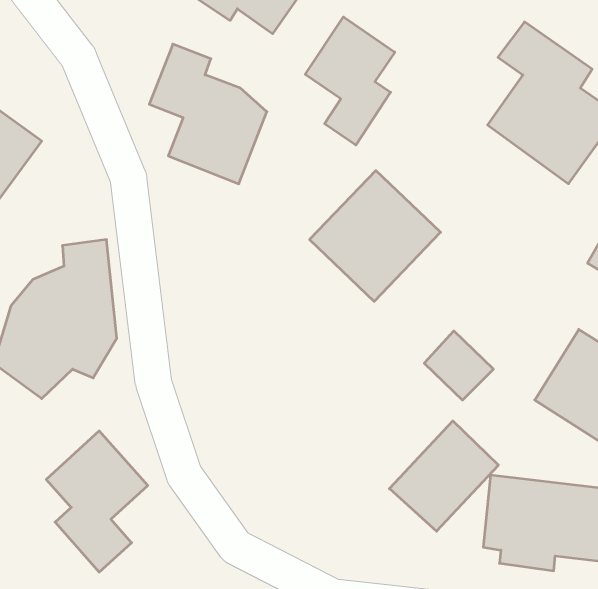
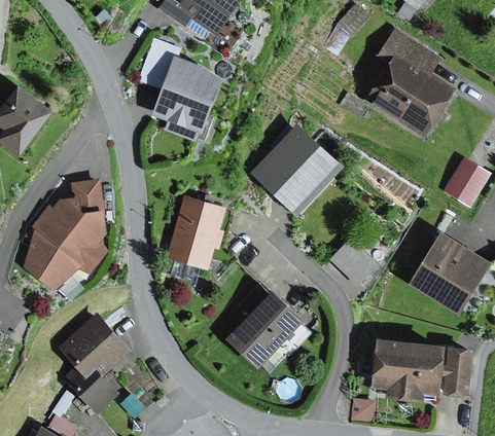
building: [305,17,395,145] -> none
building: none -> [163,197,222,272]
building: [389,421,498,531] -> [221,294,297,371]

